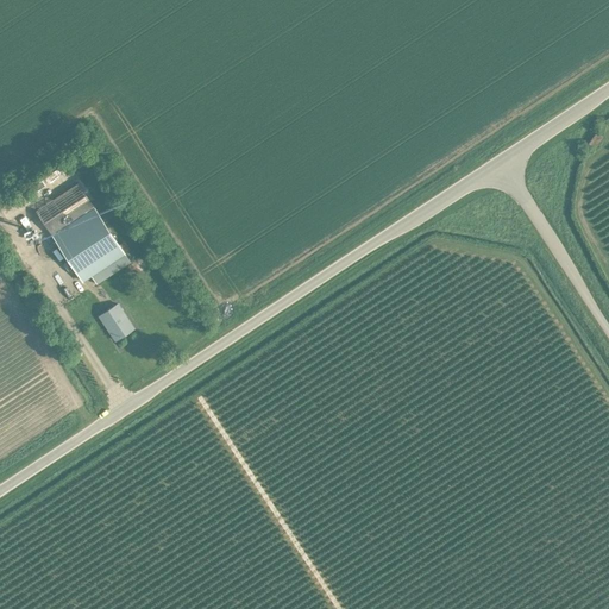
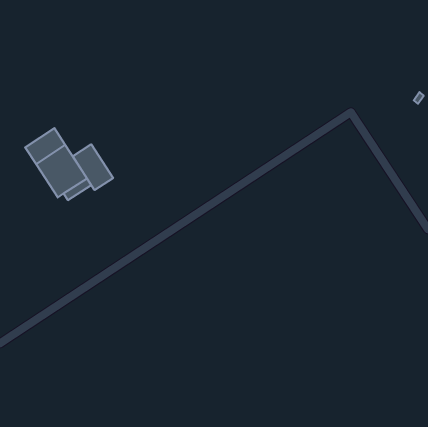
building: none -> [73,144,113,190]
building: [99,303,133,340] -> none

